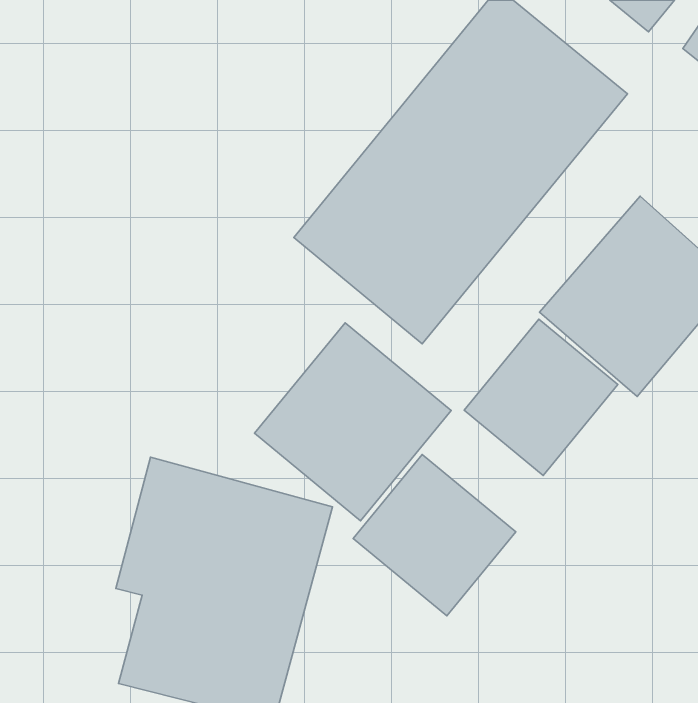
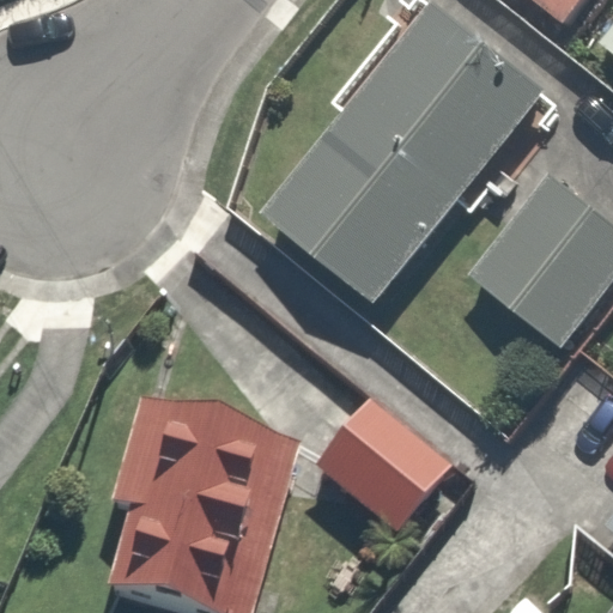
building: [464,319,618,476] -> none
building: [255,323,451,521] -> none

